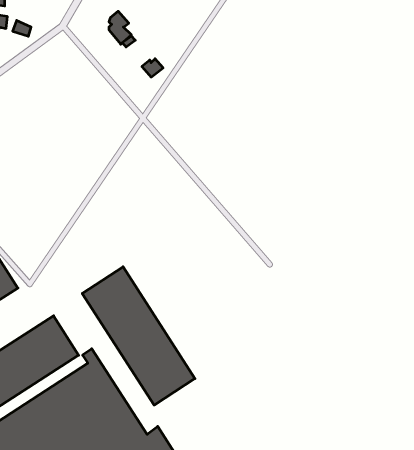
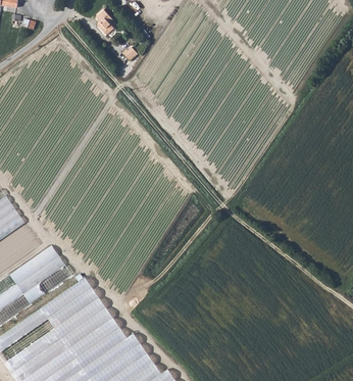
building: [82,267,195,405] -> none

